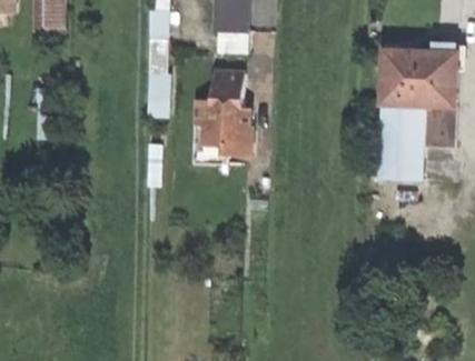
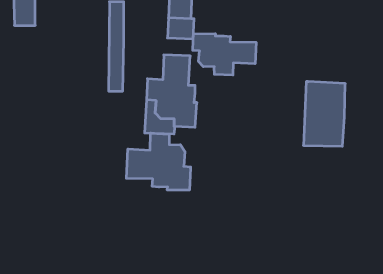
building: none -> [193,33,256,75]
building: [384,48,459,143] -> none
building: none -> [126,133,191,190]

